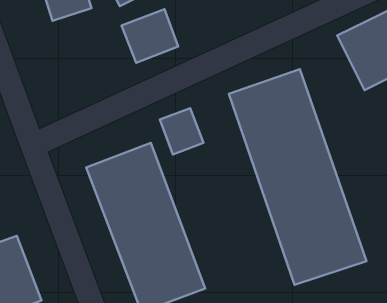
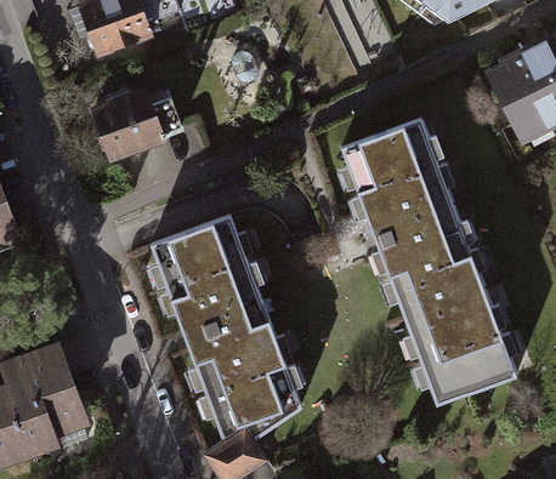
building: [122,9,178,63] -> [95,91,170,162]
building: [160,108,203,154] -> none

